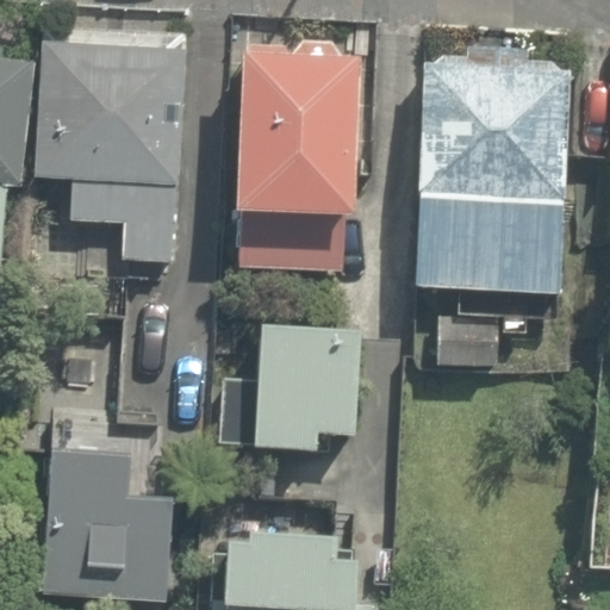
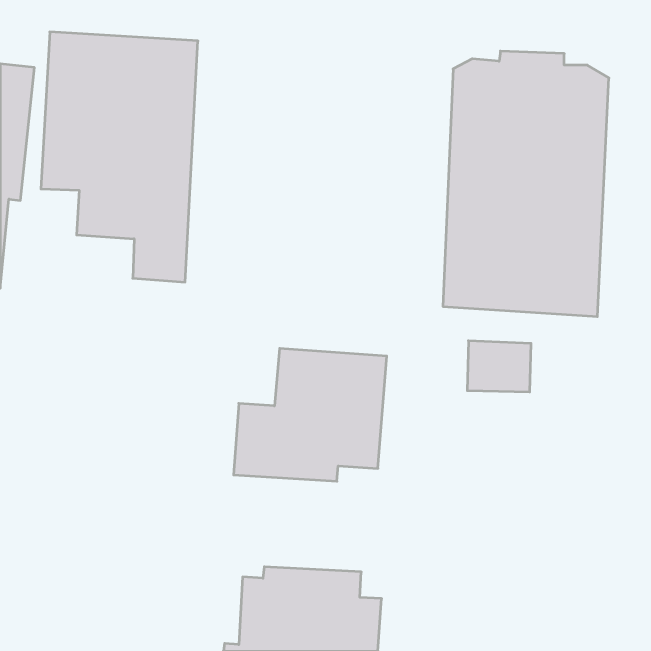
building: [235,54,356,273] -> none
building: [42,444,174,602] -> none

